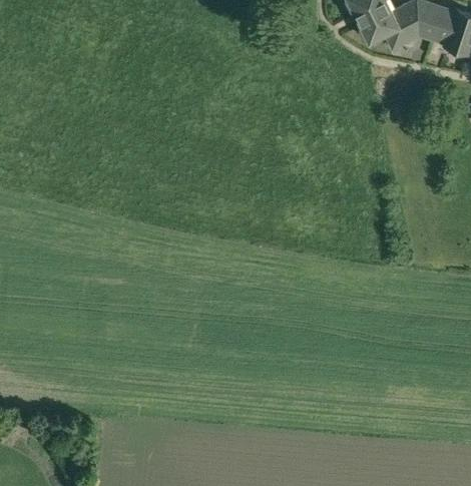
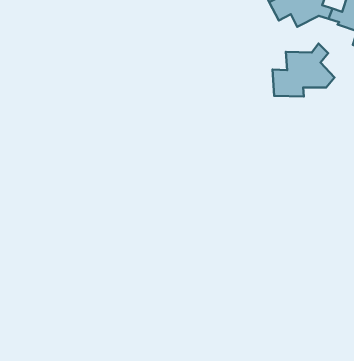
building: none -> [273,44,334,96]

